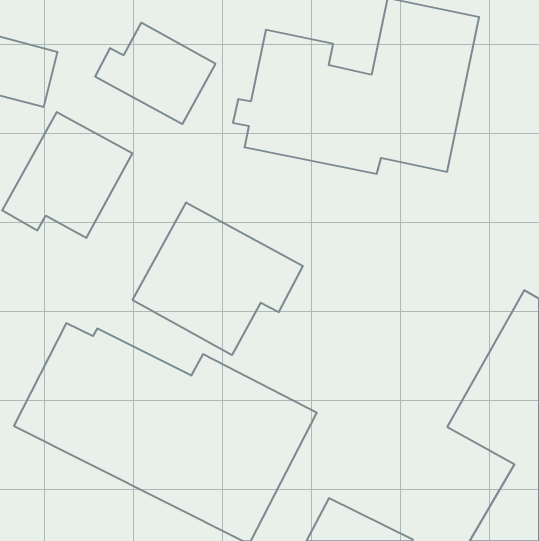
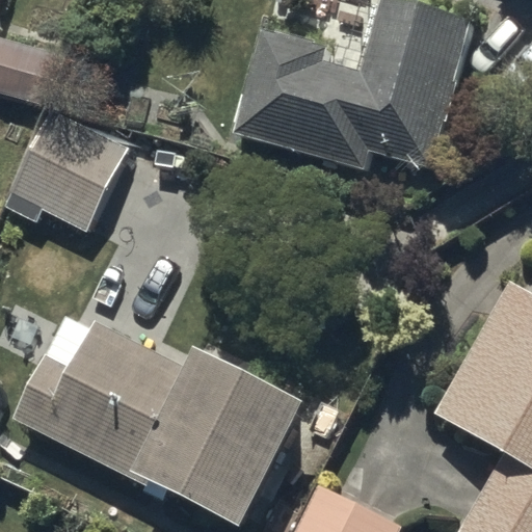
building: [95,23,215,124] -> none
building: [133,202,303,355] -> none

